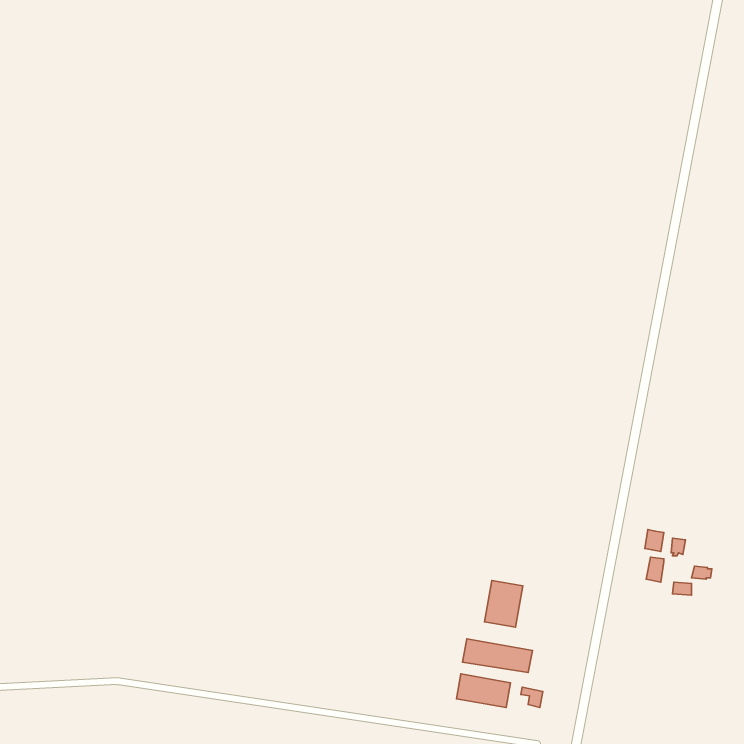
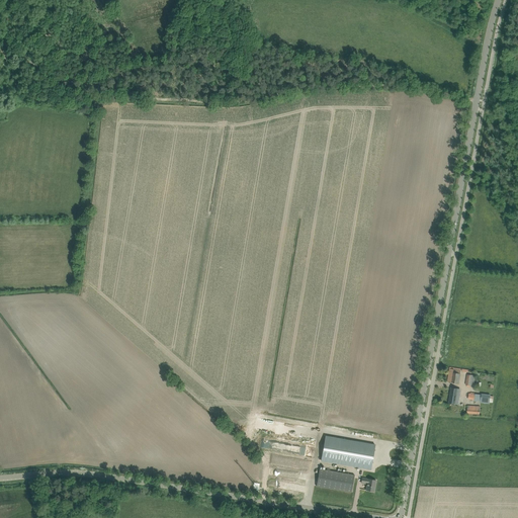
building: [484,580,523,627] -> none

